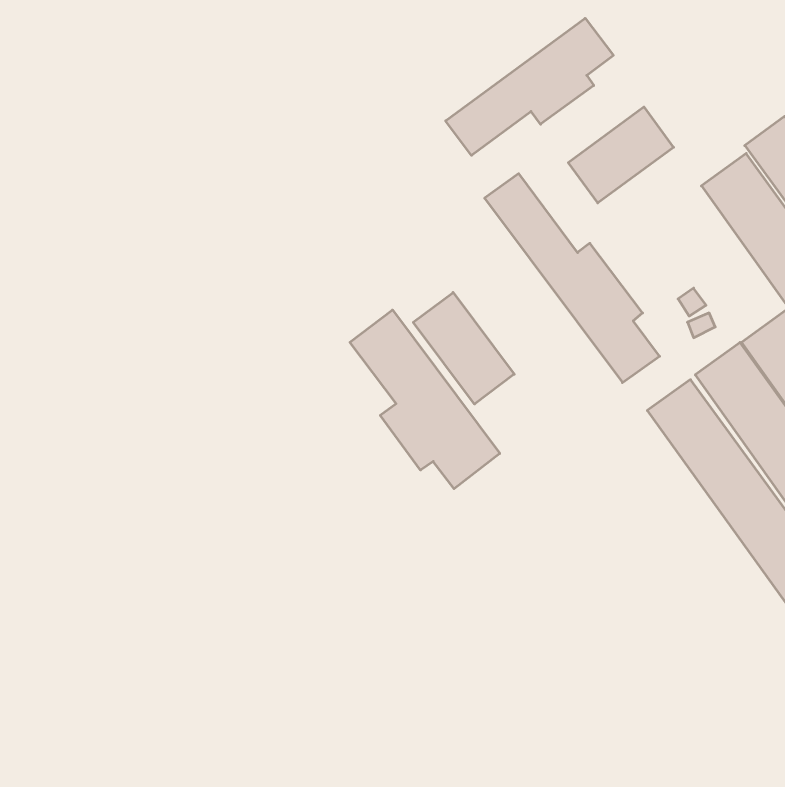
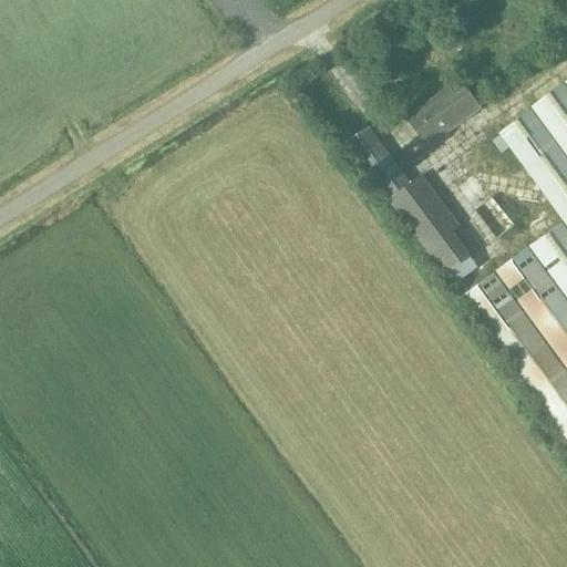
building: [446,18,613,155] -> none
building: [413,292,514,404] -> none
building: [350,310,500,489] -> none

